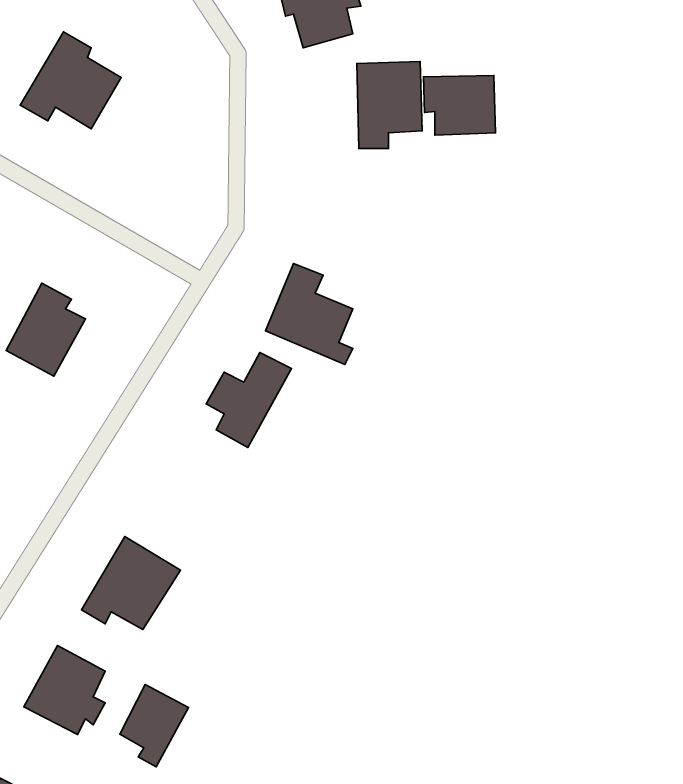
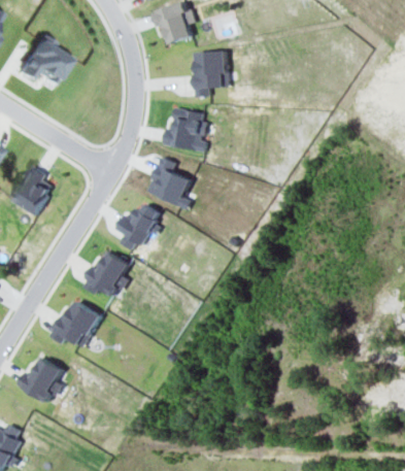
building: [424,76,495,135] -> none
building: none -> [163,108,206,153]
building: none -> [82,249,129,298]
building: [120,685,188,767] -> none

